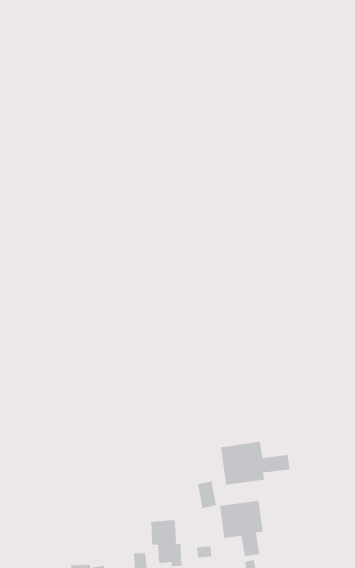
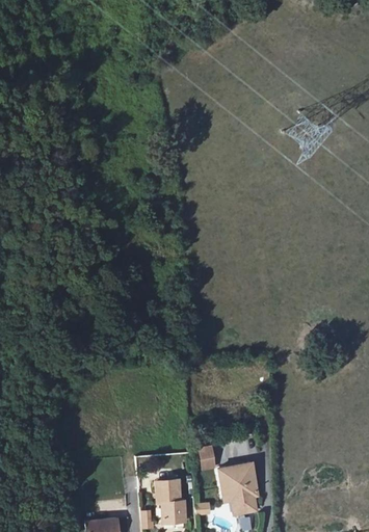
building: [220,441,291,486] -> none

